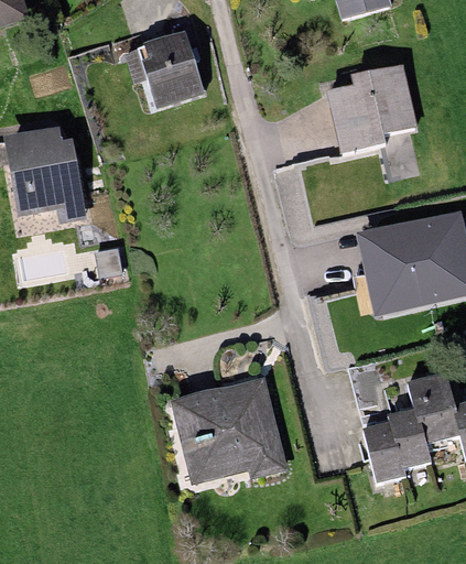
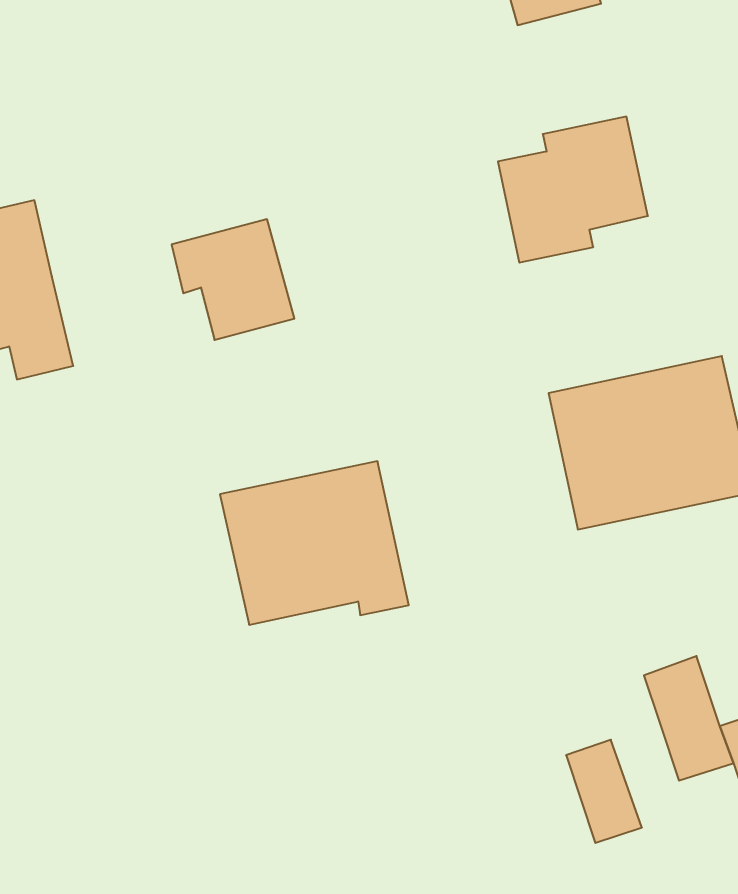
building: [129,37,198,106] -> [172,219,294,340]
building: [174,384,281,477] -> [220,461,409,625]
building: [392,413,437,473] -> none

